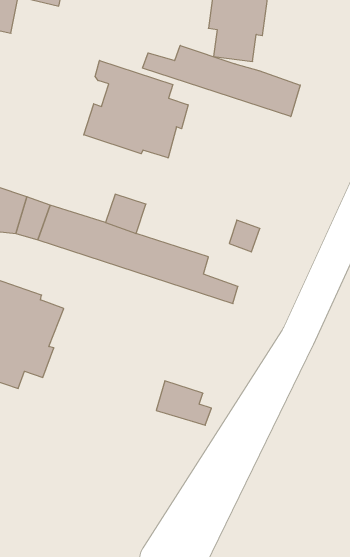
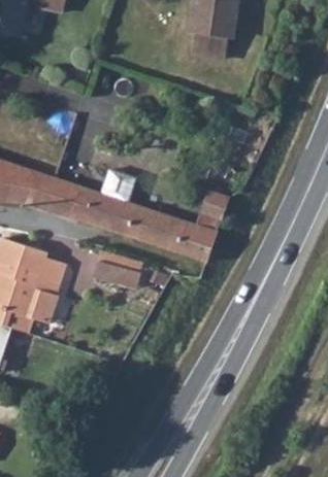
building: [143,45,300,117] -> none
building: [84,60,188,158] -> none
building: [156,381,211,425] -> [95,253,141,291]

